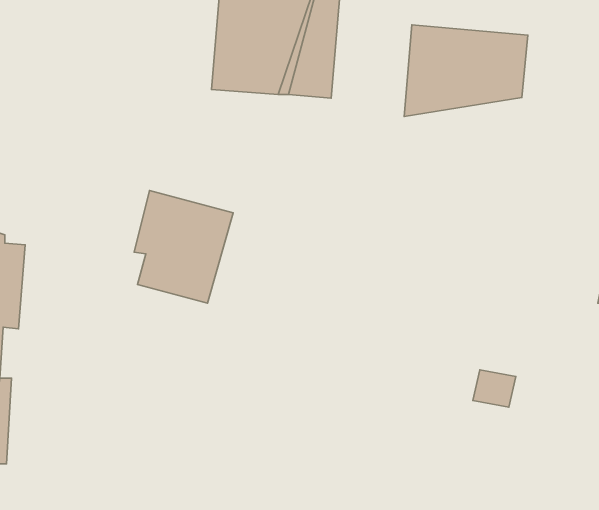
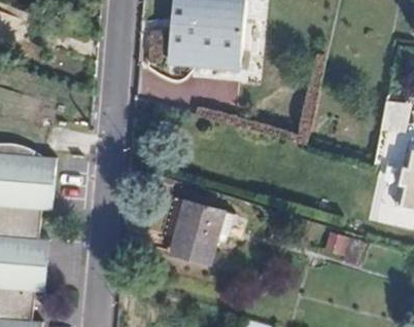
building: [404,25,528,116] -> none
building: [134,191,233,303] -> [165,198,225,266]

